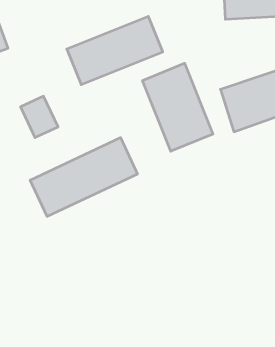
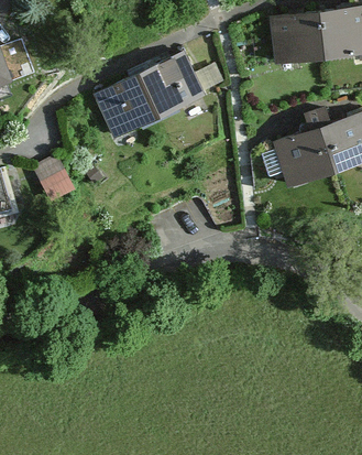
building: [143,63,213,151] -> none
building: [30,138,137,216] -> none

